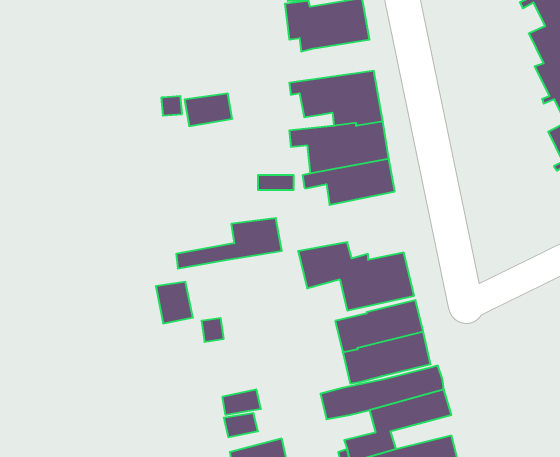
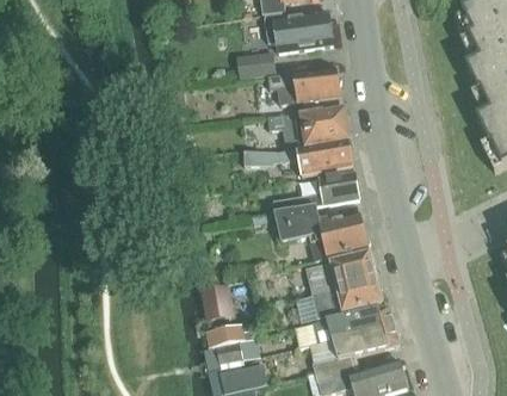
building: [185,93,232,126] -> [237,51,276,78]
building: [176,218,282,269] -> [274,172,359,212]
building: [156,282,193,323] -> [203,285,233,318]

